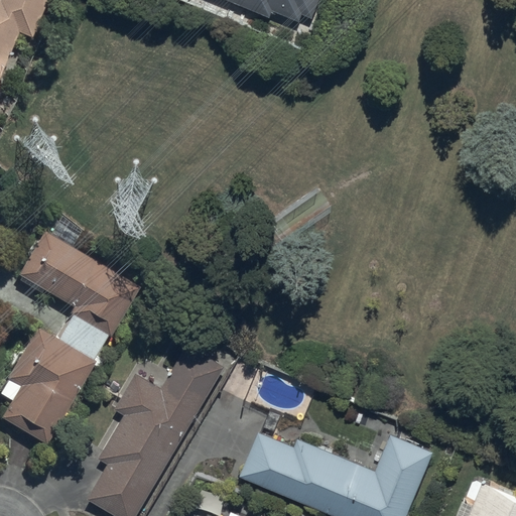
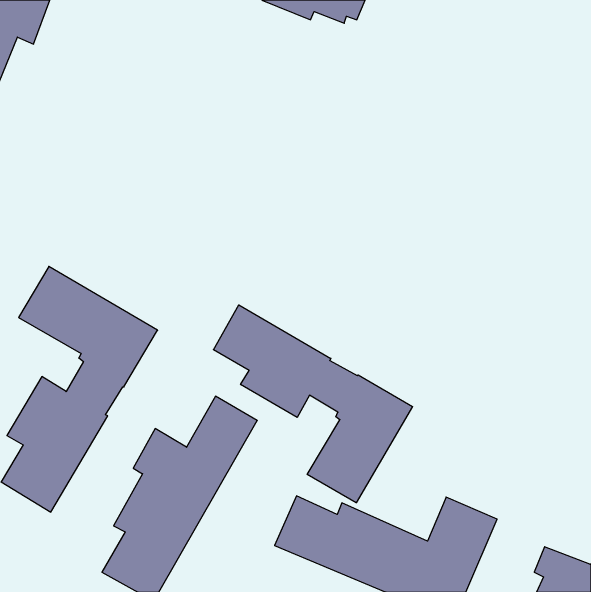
building: none -> [213,305,413,503]

